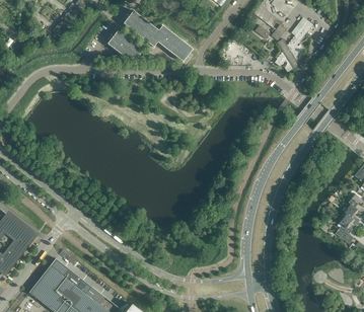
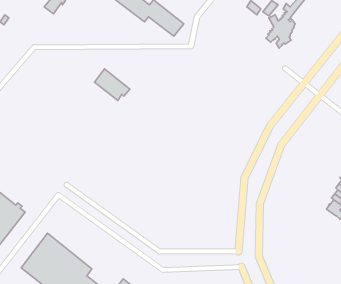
building: [105,30,141,62] -> [95,69,130,100]

